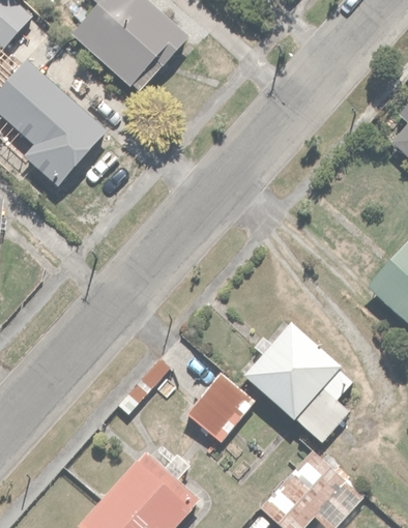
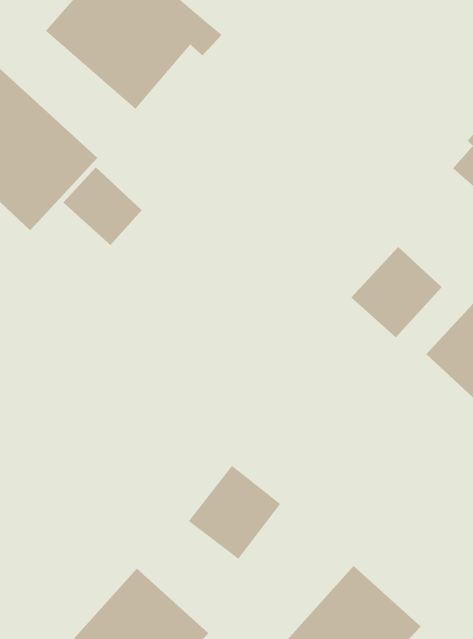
building: none -> [62,167,143,246]
building: none -> [350,246,442,338]
building: [243,319,355,444] -> none

